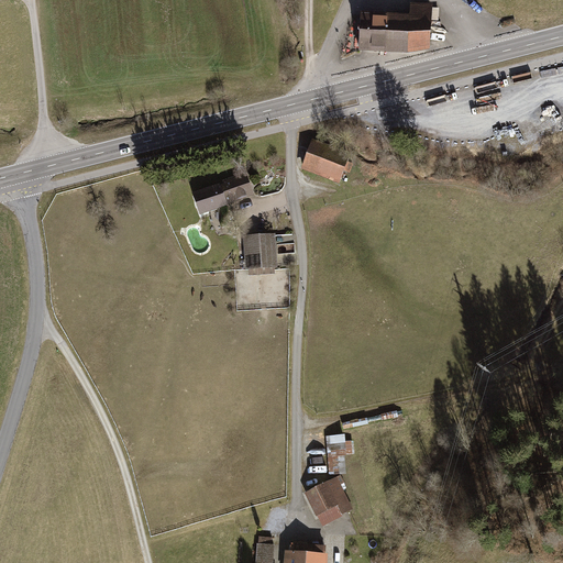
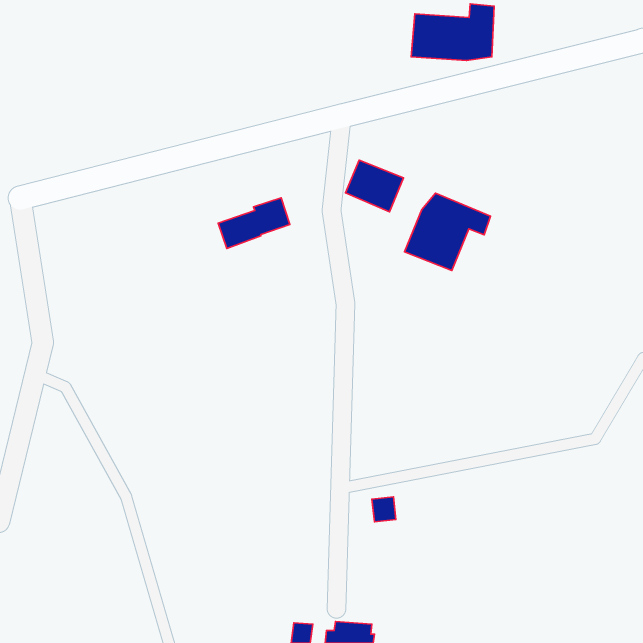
building: none -> [405,193,491,270]
building: [243,233,277,276] -> none
building: [303,476,353,527] -> none

